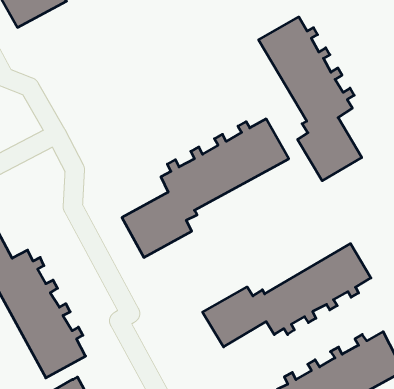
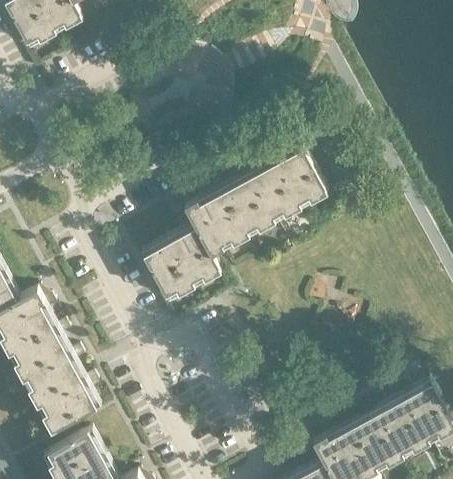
building: [259,17,362,181] -> none
building: [203,244,371,347] -> none

